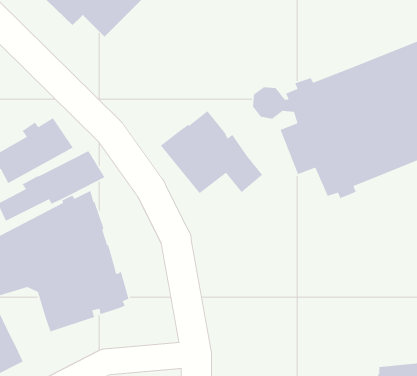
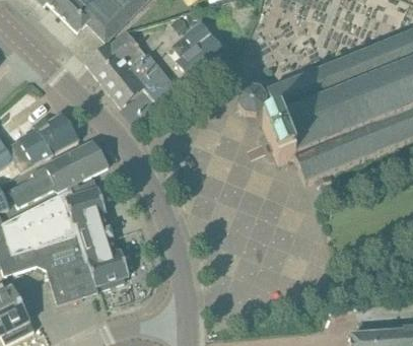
building: none -> [176,20,226,81]
building: [160,110,263,194] -> [84,29,177,105]

